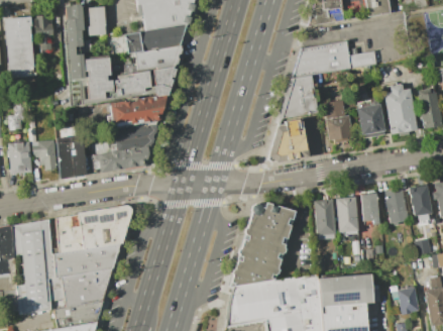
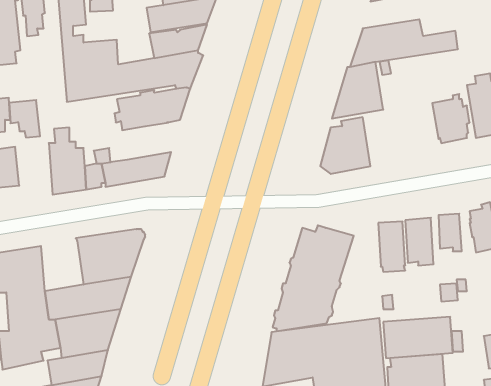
building: [325,100,354,143] -> none
building: [115,121,158,151] -> none
building: [33,140,58,170] -> [9,100,40,137]
building: [57,215,84,253] -> none

